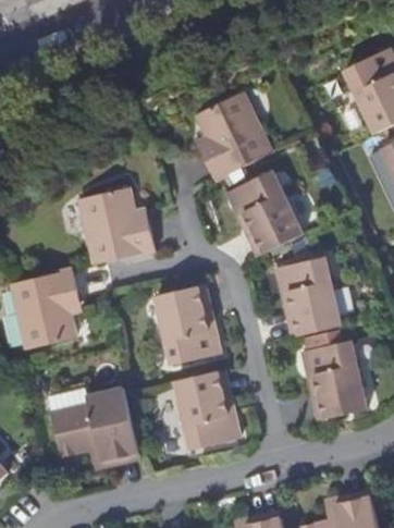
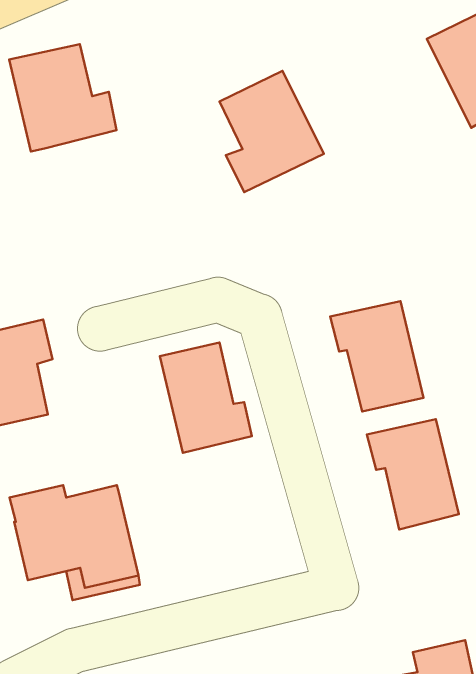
building: [226,171,303,253] -> none
building: [77,188,153,265] -> [9,44,117,152]
building: [174,371,238,451] -> none

